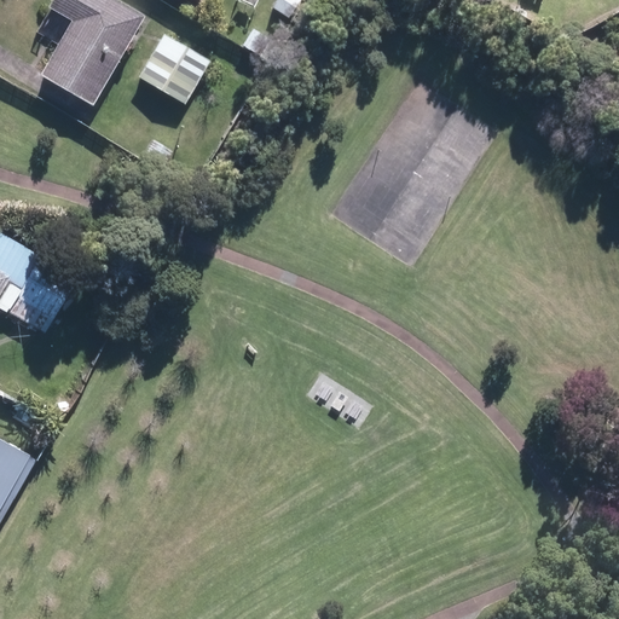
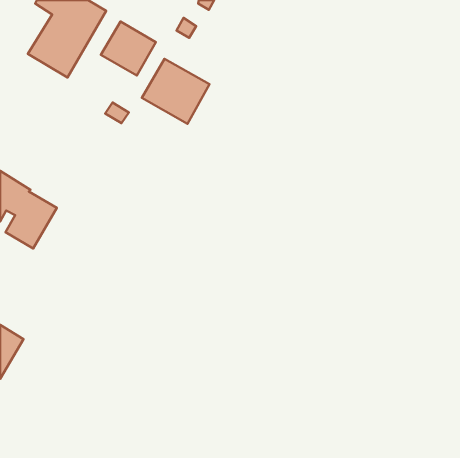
building: none -> [142,59,209,124]

